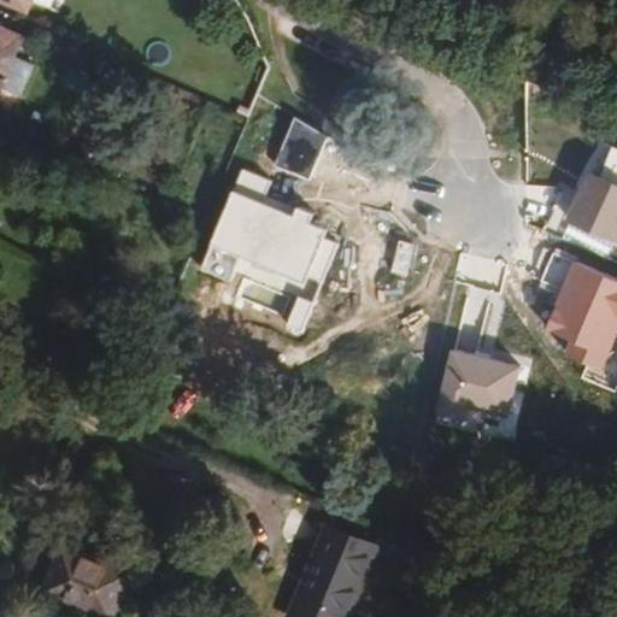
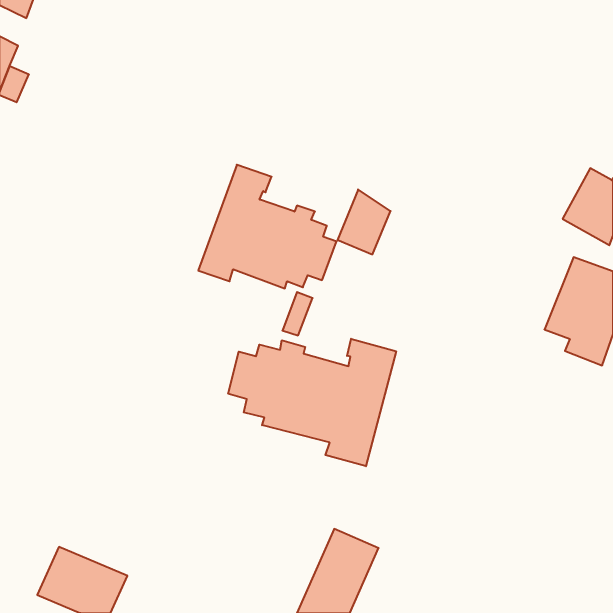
building: [276,114,329,180] -> [338,189,391,254]
building: none -> [228,339,396,466]
building: [434,346,521,425] -> none

